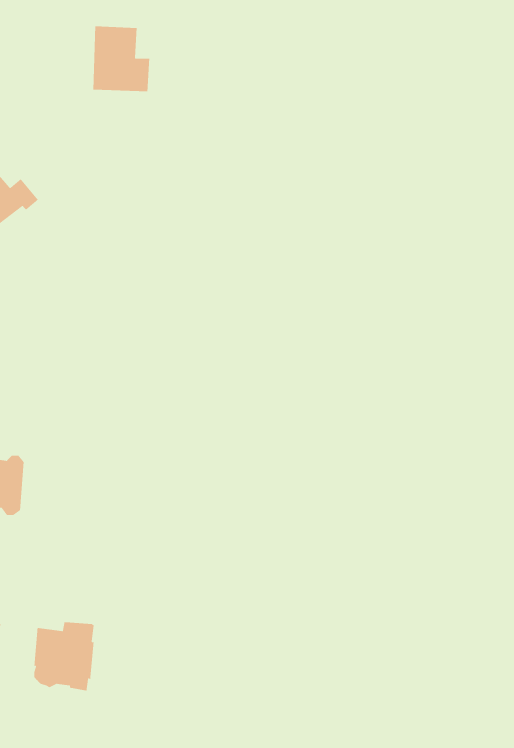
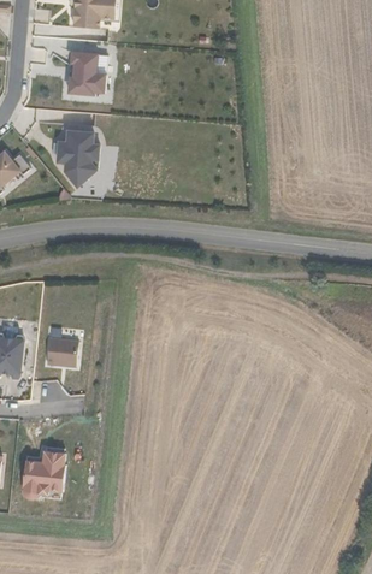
building: none -> [58,130,98,185]
building: none -> [48,337,81,366]

